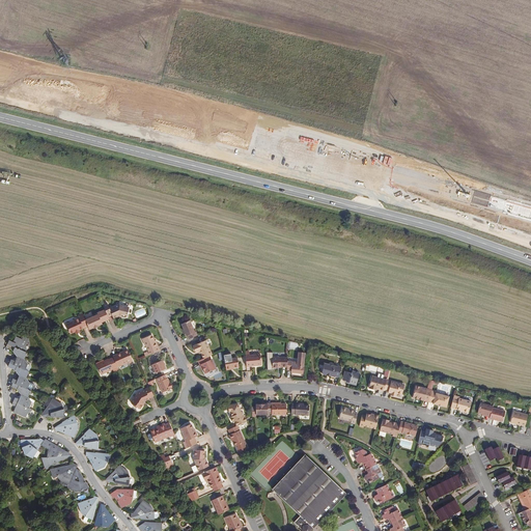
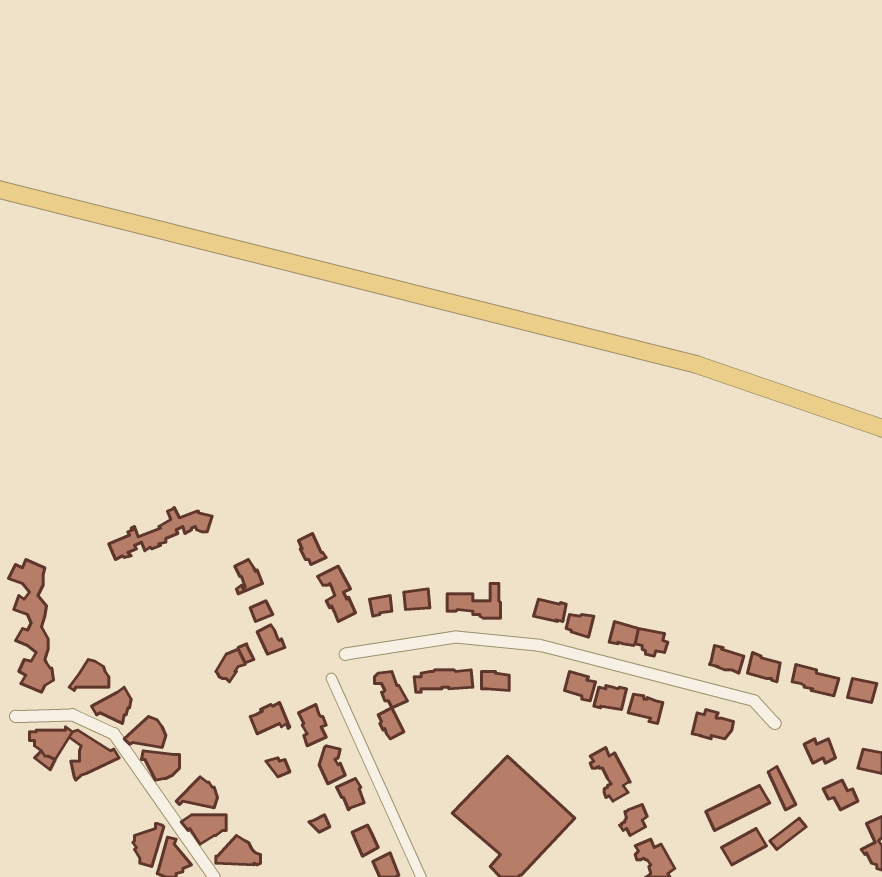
building: [95,352,131,375] -> none
building: [55,463,89,493] -> none

